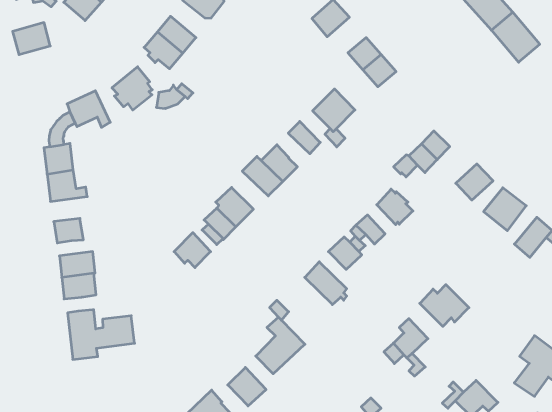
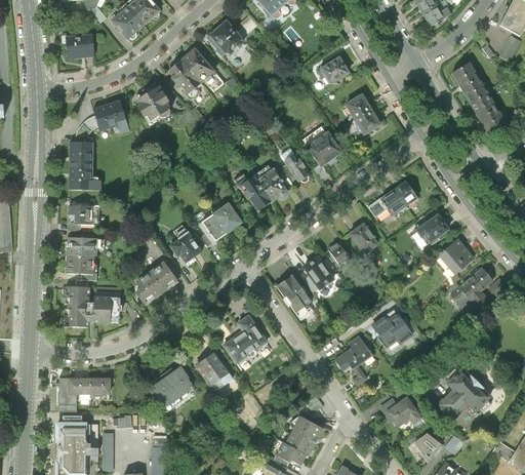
building: none -> [134,262,176,304]

